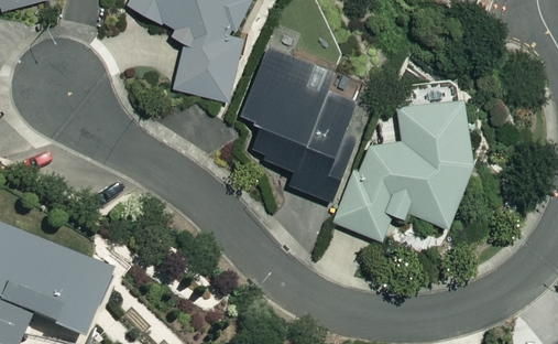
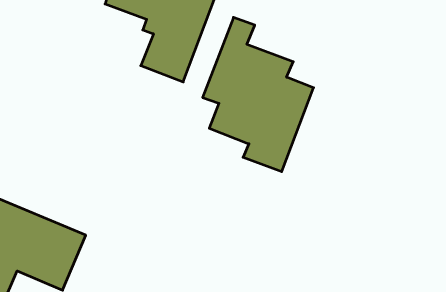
building: [336,100,471,239] -> none

